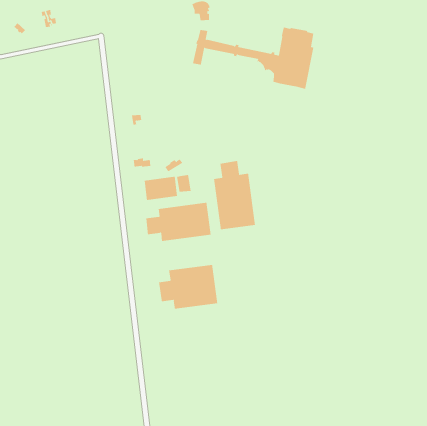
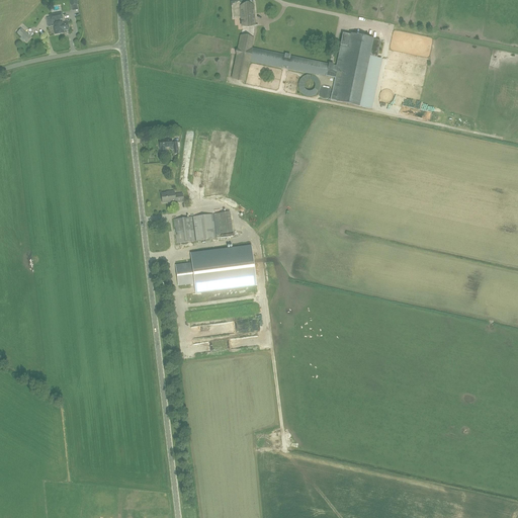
building: [214,160,256,230] -> none
building: [158,264,218,310] -> none

